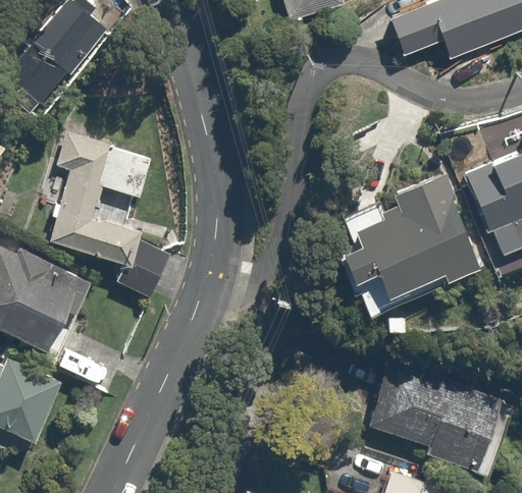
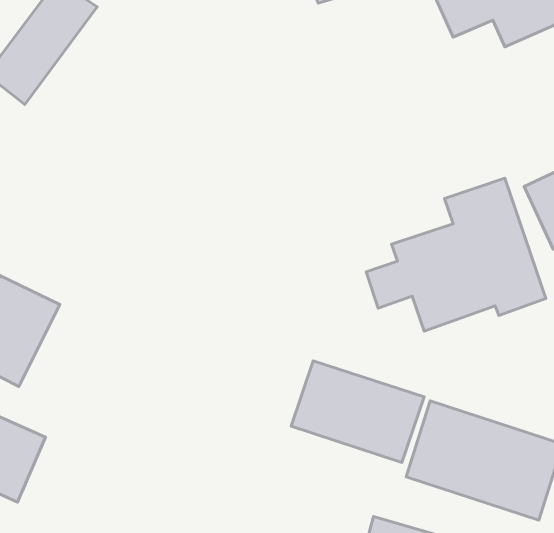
building: [48,124,175,298] -> none
building: none -> [291,361,424,462]

